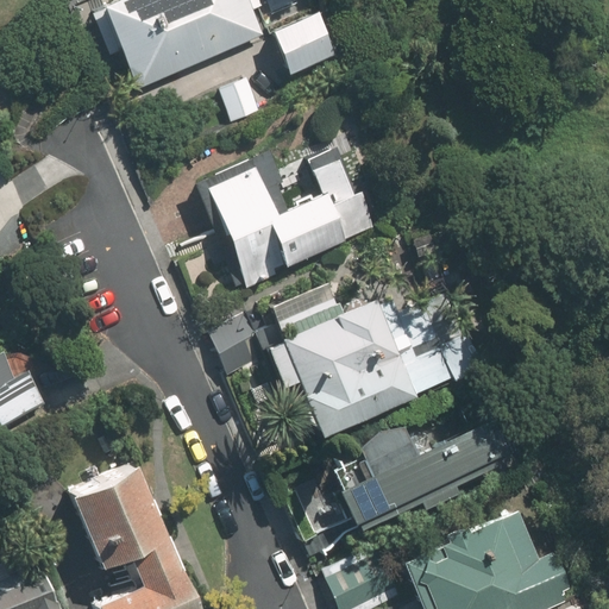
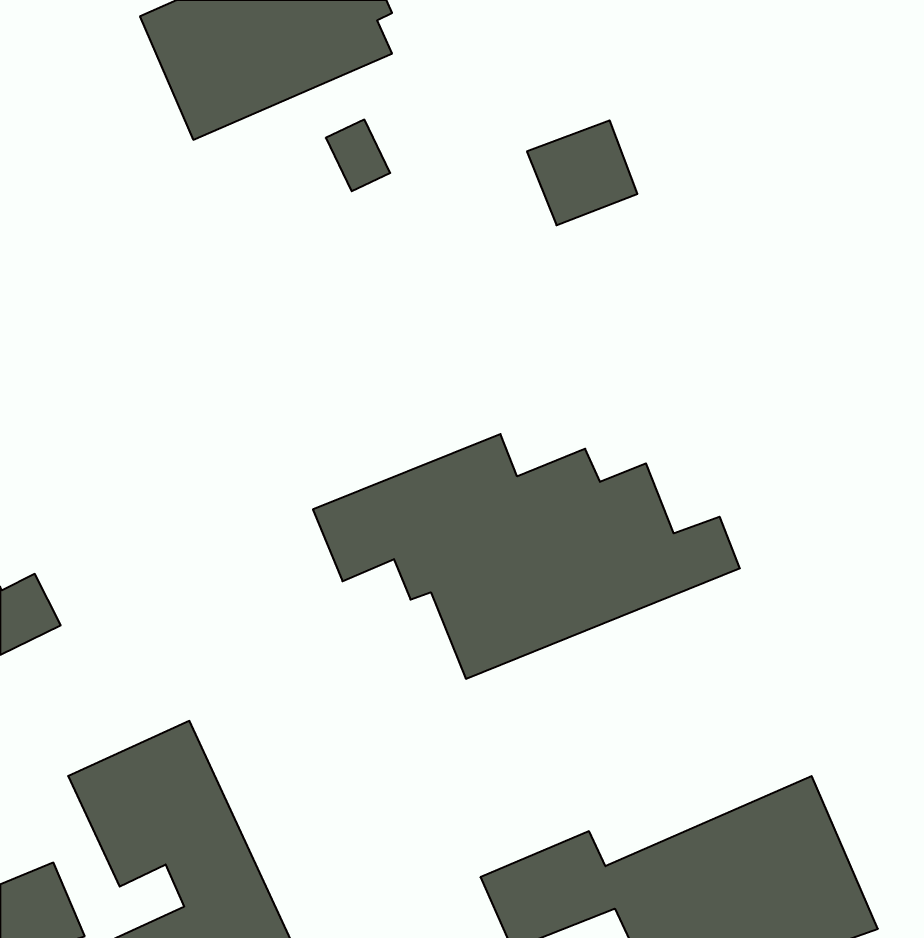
building: [268,12,339,80] -> [527,120,637,225]
building: [195,149,378,291] -> none
building: [293,423,492,541] -> none

